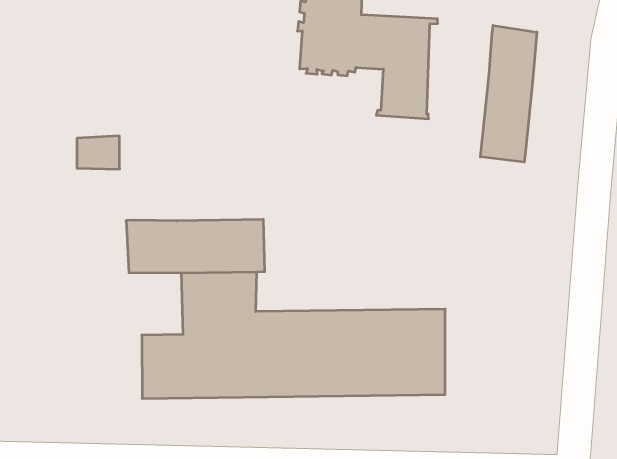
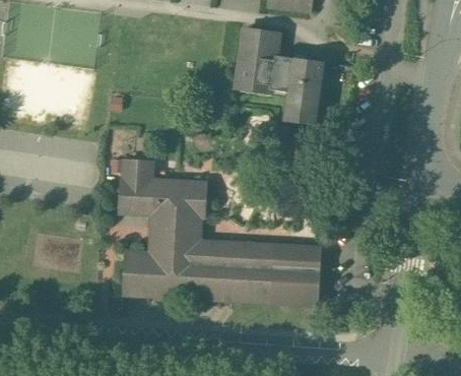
building: [480,25,537,162] -> none
building: [77,136,120,169] -> [123,160,151,181]

